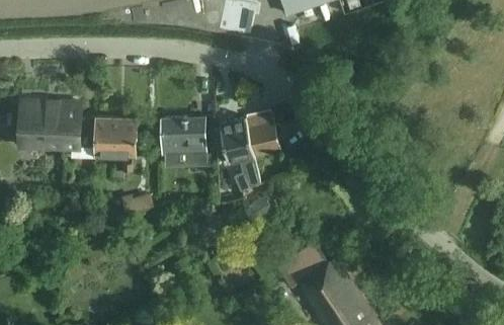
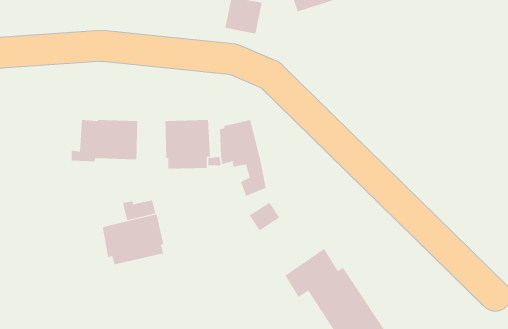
building: [19,101,81,147] -> none
building: [247,112,280,156] -> none
building: none -> [102,214,164,265]

